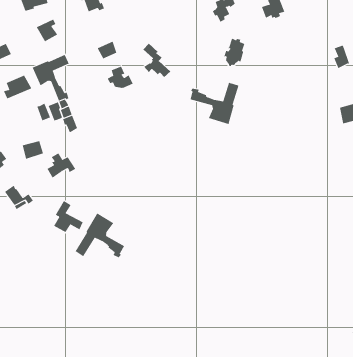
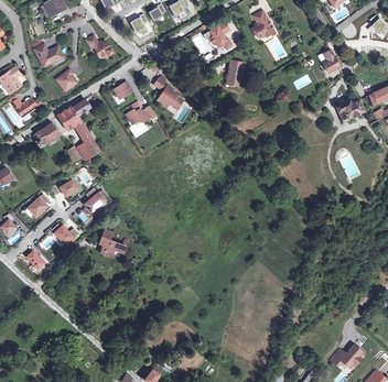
building: [190,82,239,125] -> none
building: [75,212,125,258] -> none

